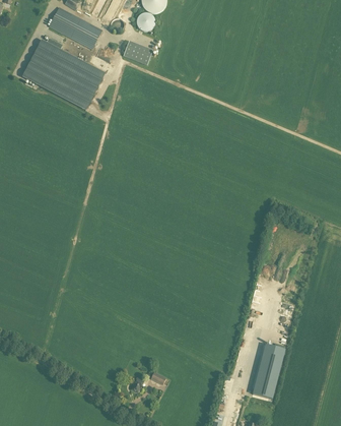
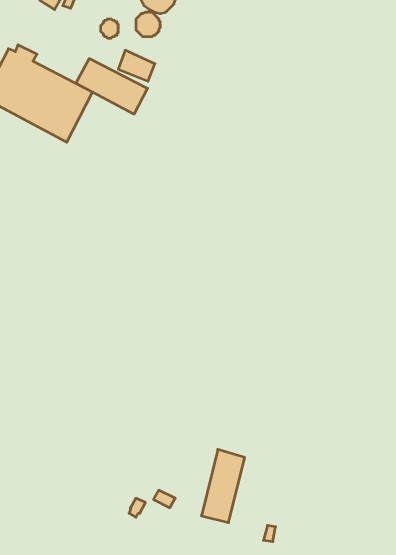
building: [48,7,101,49] -> [76,59,148,114]
building: [252,344,284,399] -> [201,449,245,523]

